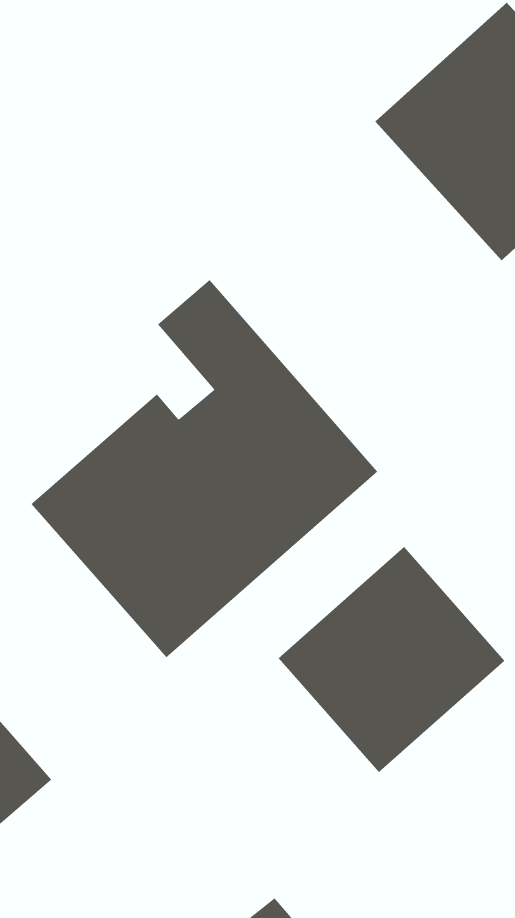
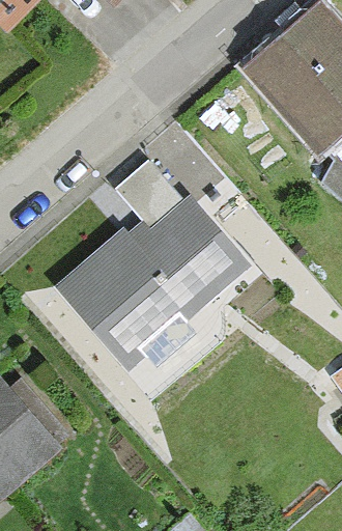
building: [278,546,505,773] -> none

